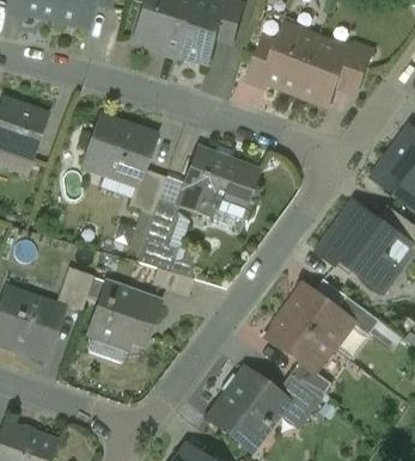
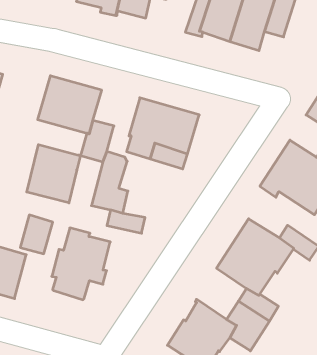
building: none -> [27,145,81,203]

